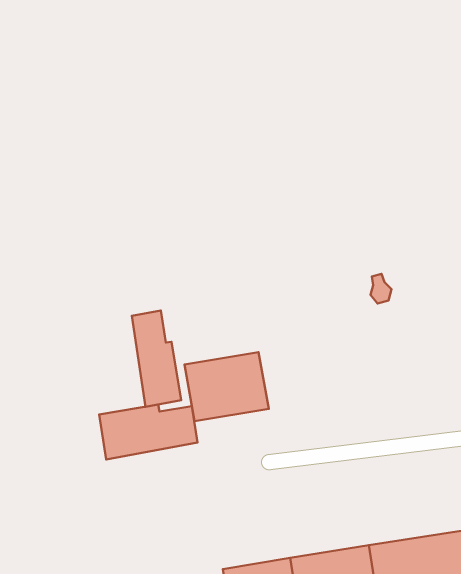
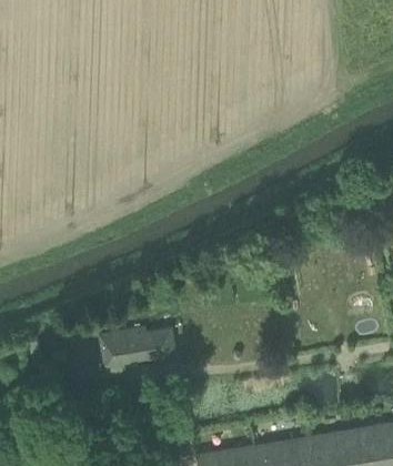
building: [132,311,181,407] -> none
building: [185,352,269,421] -> none

